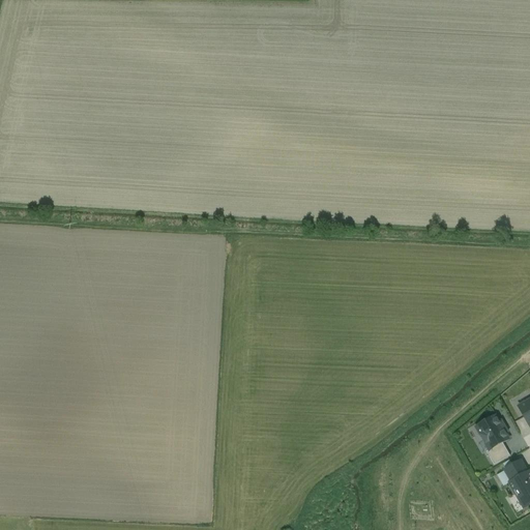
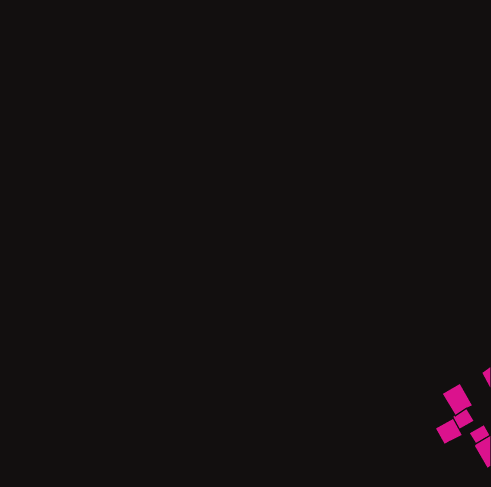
building: none -> [435,418,462,445]

